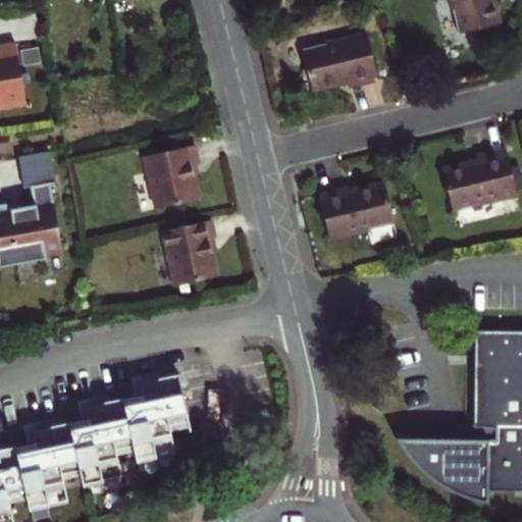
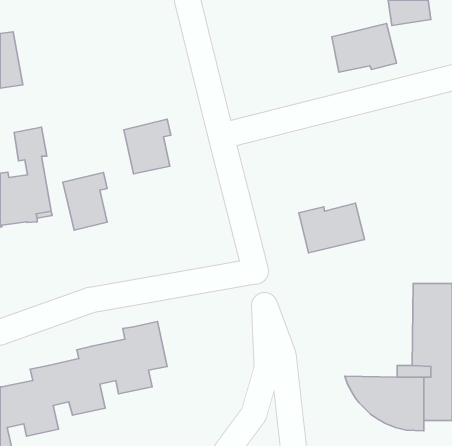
building: [302,33,376,89] -> [332,24,396,72]
building: [435,147,516,210] -> none
building: [318,179,394,237] -> [299,203,364,253]
building: [163,218,214,284] -> [63,173,107,230]

